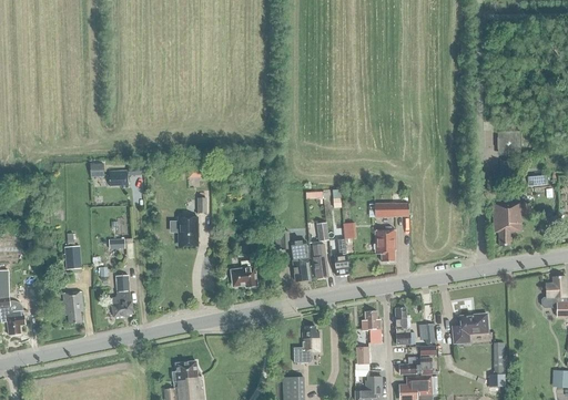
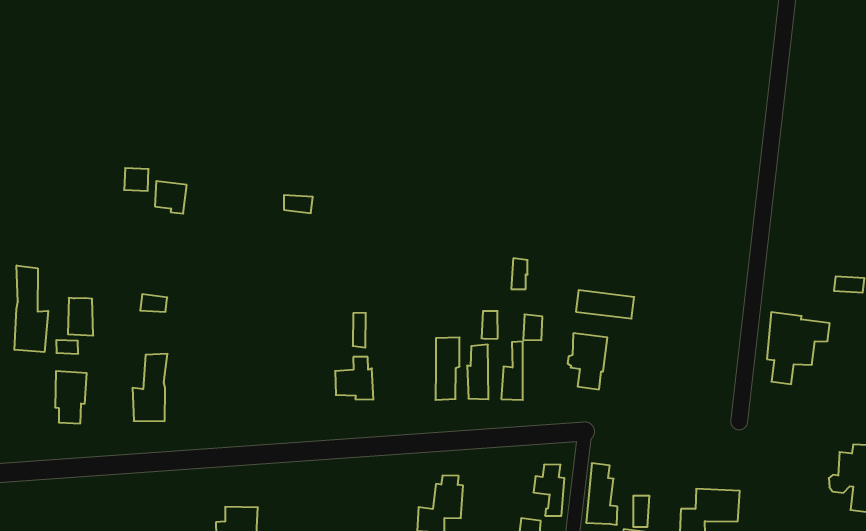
building: [496,130,520,154] -> none
building: [179,217,197,244] -> none
building: none -> [15,265,48,352]

